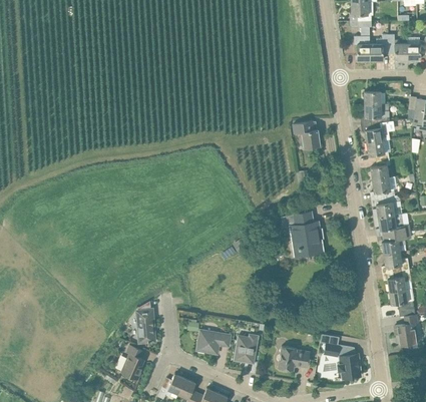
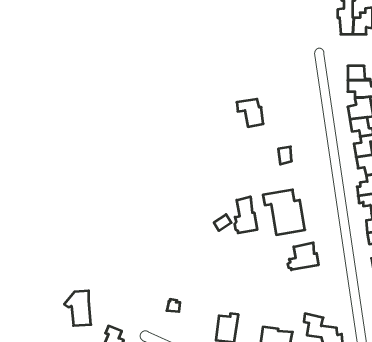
building: [294,122,320,149] -> [237,99,263,127]
building: none -> [235,197,257,233]
building: none -> [288,243,318,270]
building: [130,309,156,343] -> [64,291,91,326]
building: [197,331,231,354] -> none

